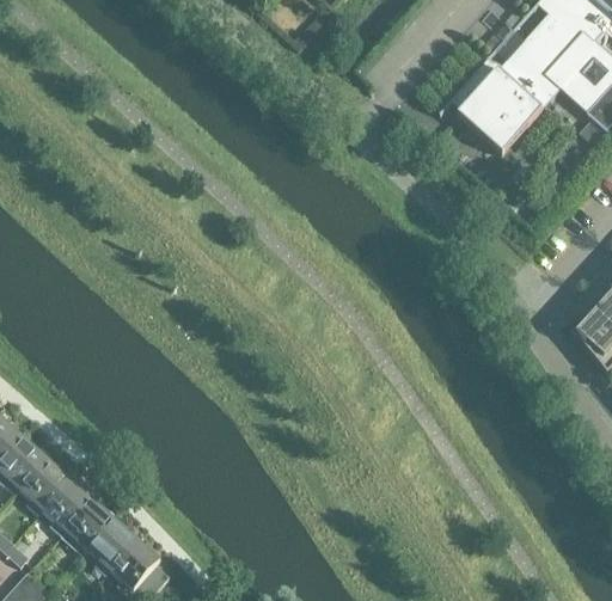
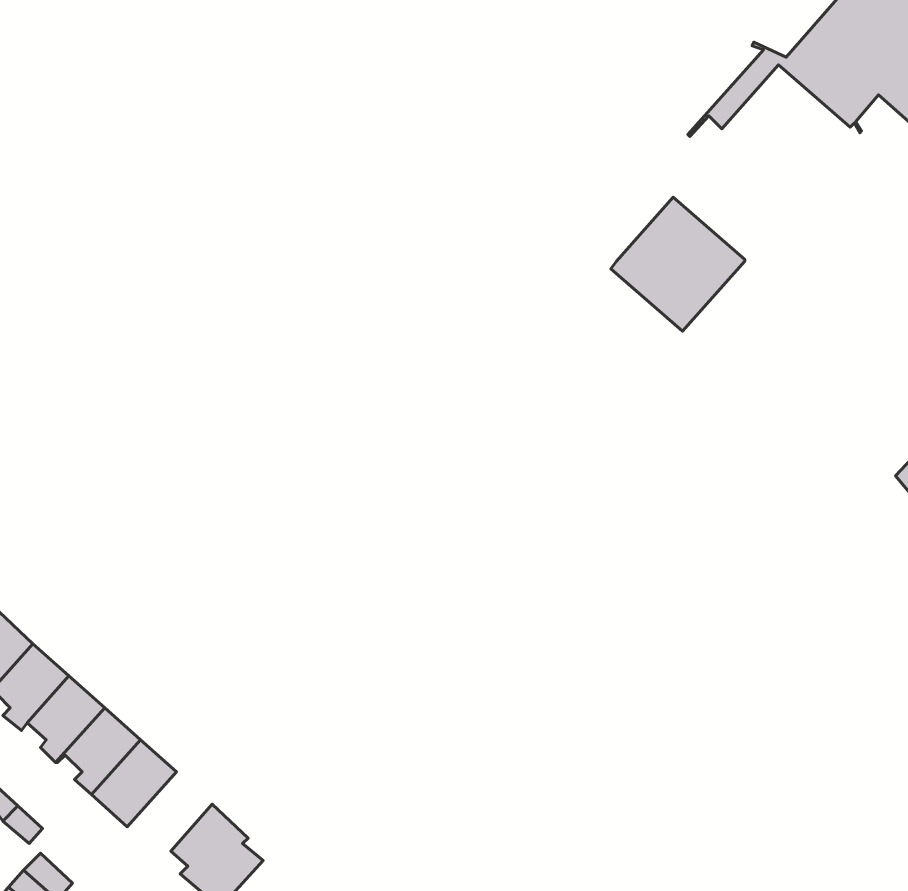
building: [457,69,541,154] -> [611,197,745,331]
building: [84,517,137,572] -> none

